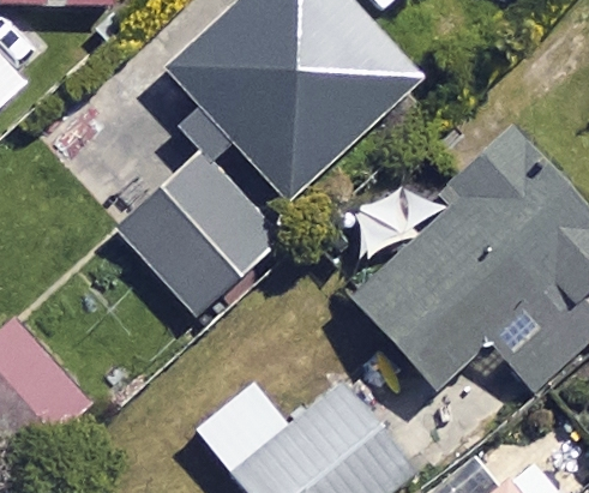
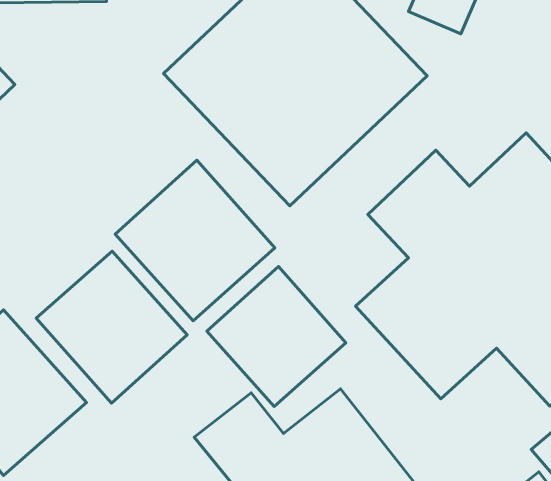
building: none -> [36,251,187,403]
building: none -> [207,267,346,406]

